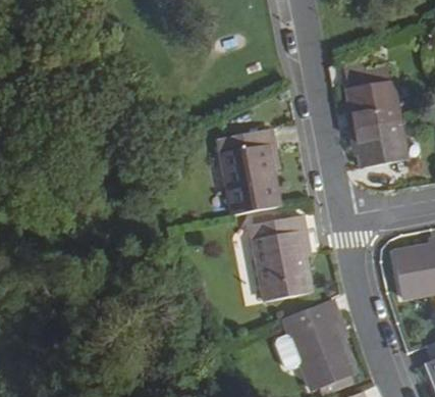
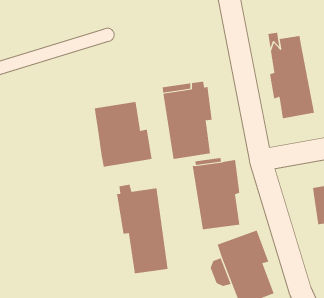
building: none -> [94,101,152,168]
building: none -> [117,184,168,274]

